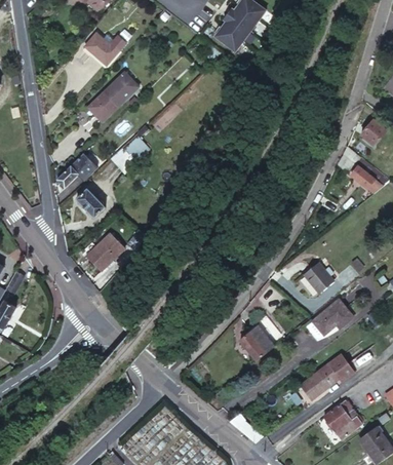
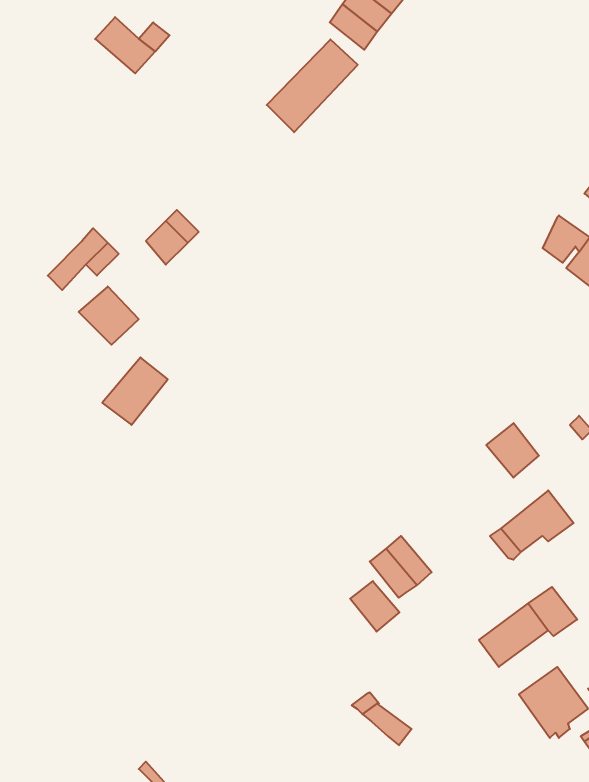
building: [87,70,139,122] -> [267,39,358,132]
building: none -> [350,581,399,632]

